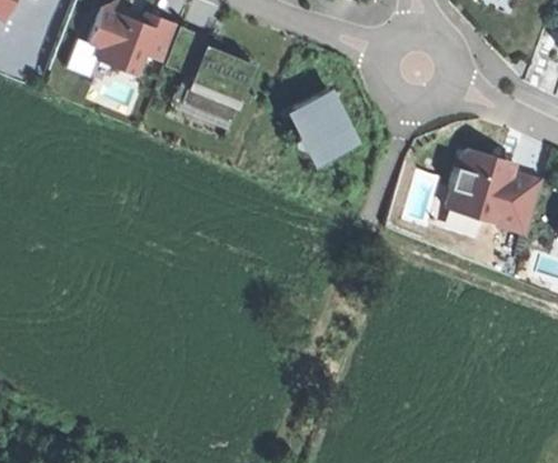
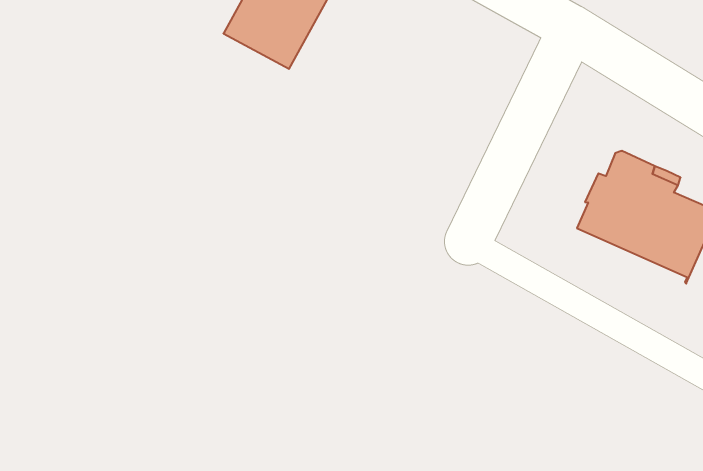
building: [293,90,355,160] -> none

